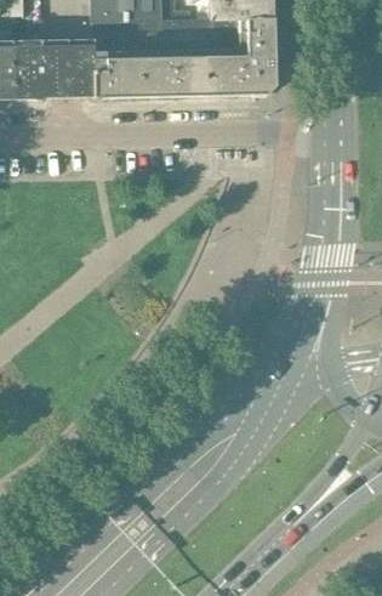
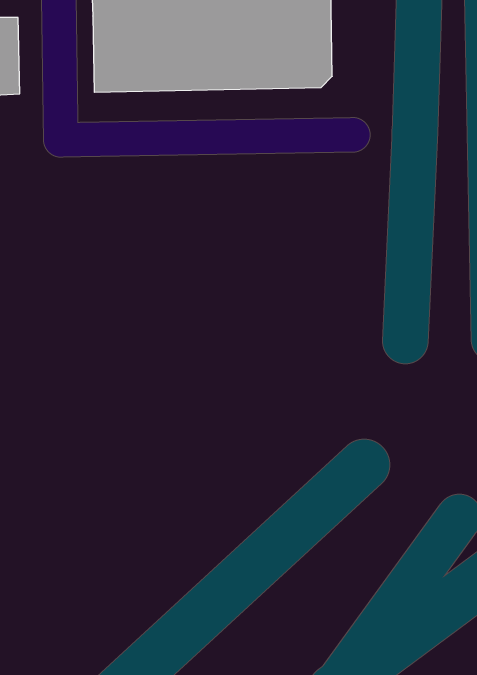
building: [30,39,89,98] -> none

